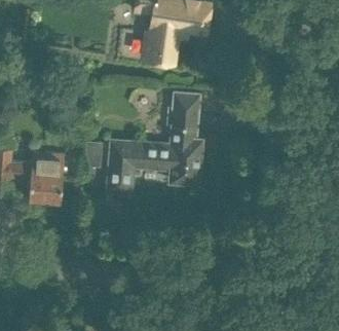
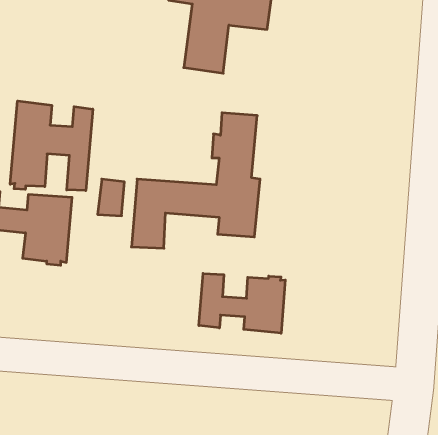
building: none -> [10,101,93,191]
building: none -> [199,273,285,333]

